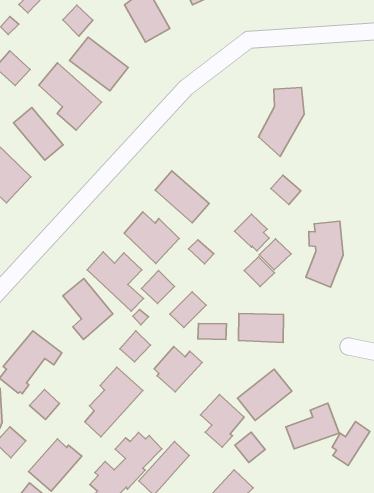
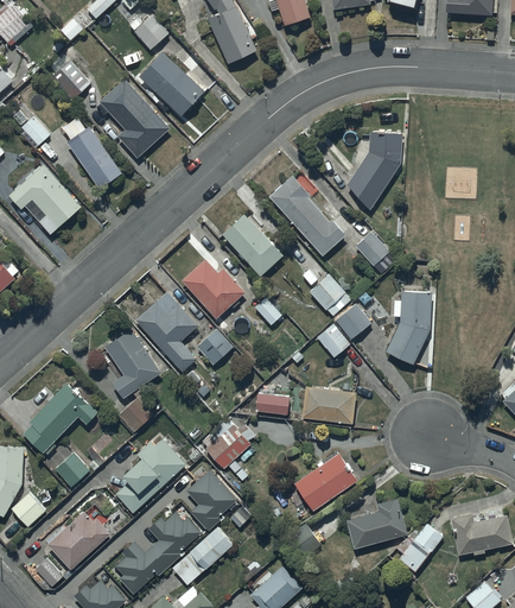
building: none -> [269,176,345,255]
building: [170,292,206,327] -> none
building: [120,331,151,362] -> [117,397,153,432]
building: [201,395,244,447] -> [186,470,236,531]

